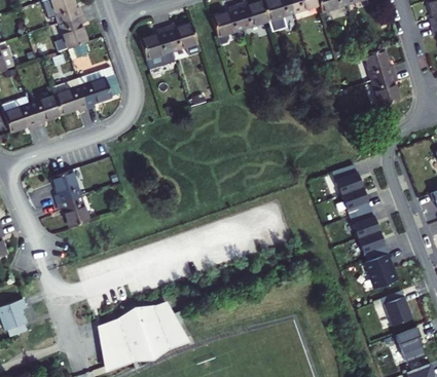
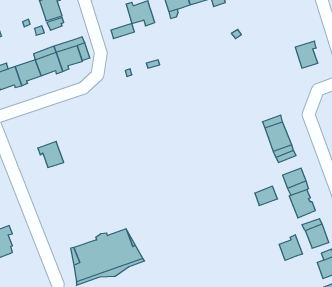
building: [140,28,172,60] -> none
building: [363,48,395,80] -> none
building: [51,169,79,203] -> none
building: [351,213,378,236] -> [255,186,278,206]
building: none -> [279,235,302,260]

